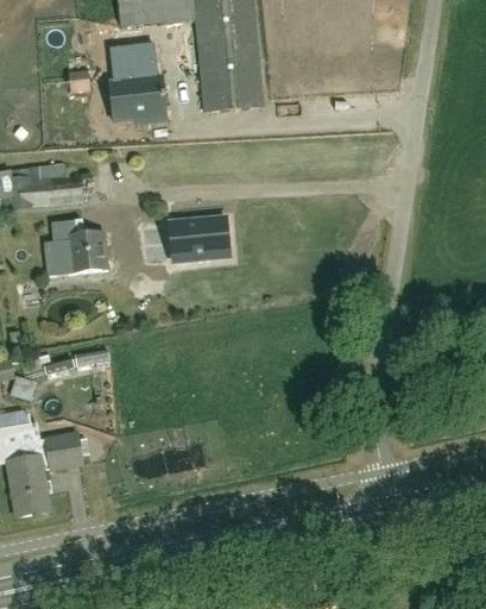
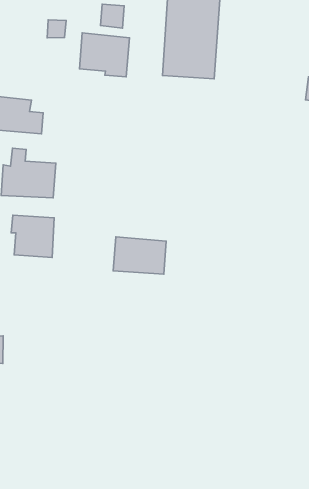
building: [169,218,229,260] -> [113,237,166,274]
building: none -> [11,215,54,258]

